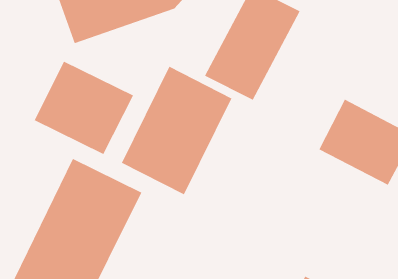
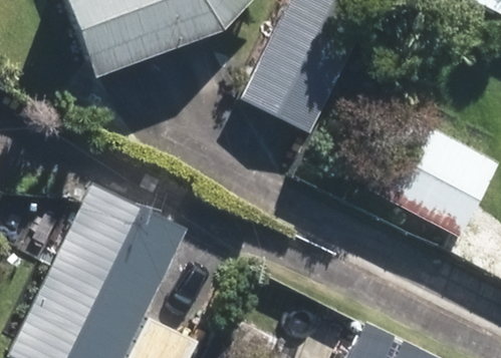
building: [34,61,134,155] -> none
building: [121,66,232,195] -> none

